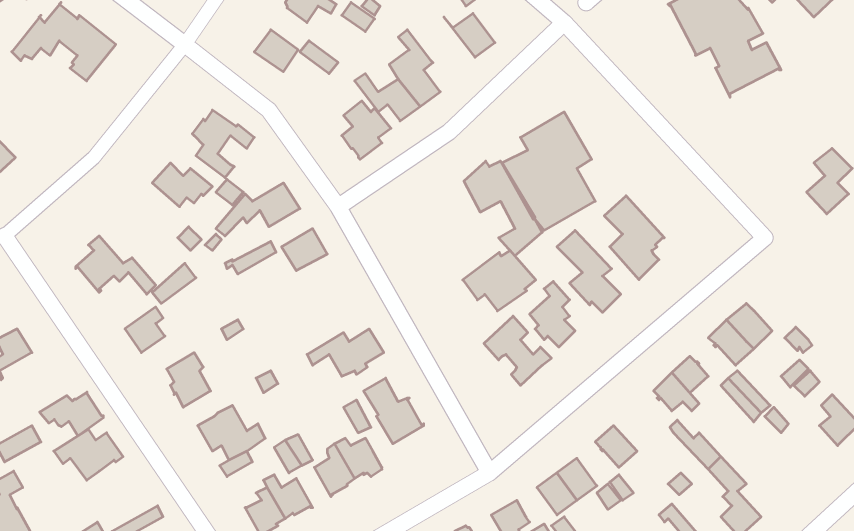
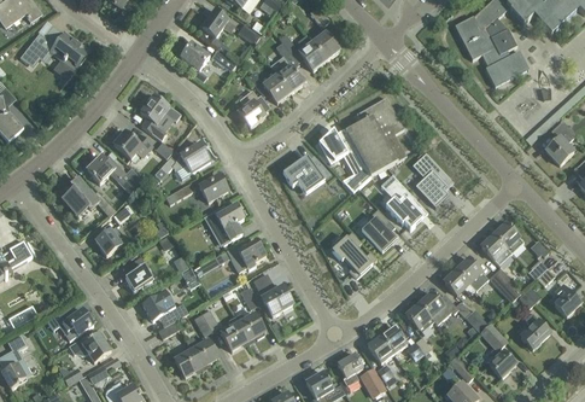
building: none -> [276,33,326,70]
building: none -> [87,157,127,183]
building: [463,251,536,311] -> [282,155,330,194]
building: none -> [201,204,244,245]
building: [40,392,103,436] -> [68,333,110,362]
building: none -> [417,292,457,325]
building: none -> [519,313,549,349]

